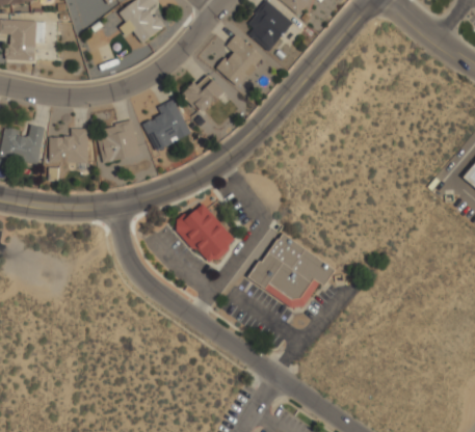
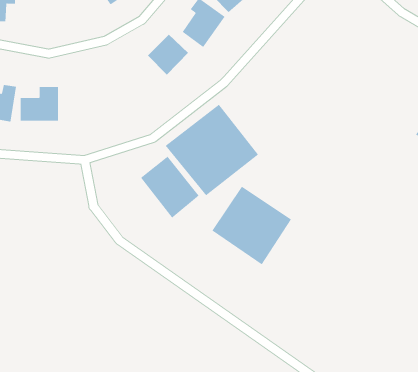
building: [143,99,191,152] -> none
building: [96,120,138,163] -> none
building: none -> [165,104,259,196]

